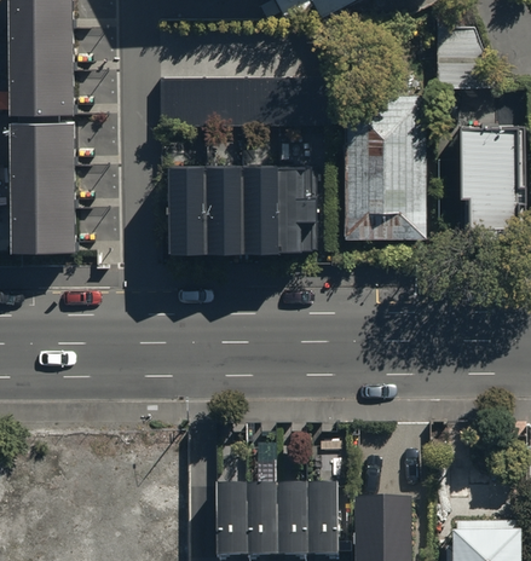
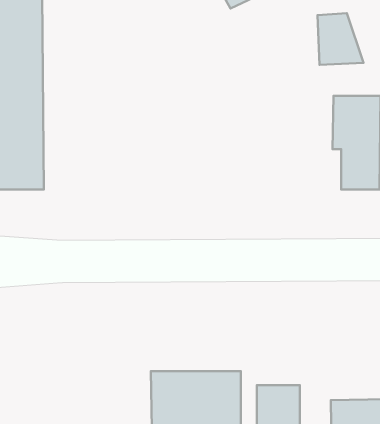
building: [344,97,421,233] -> none
building: [162,162,319,245] -> none

